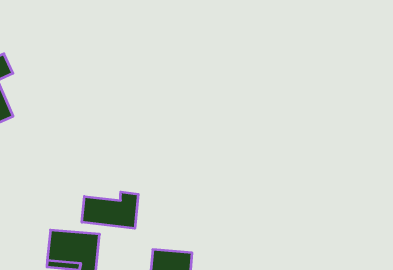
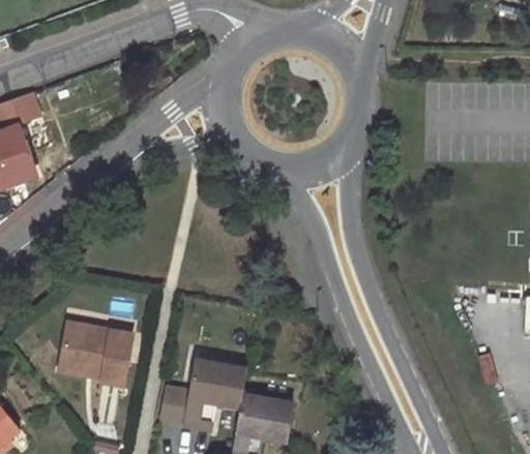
building: [82,192,138,228] -> none

